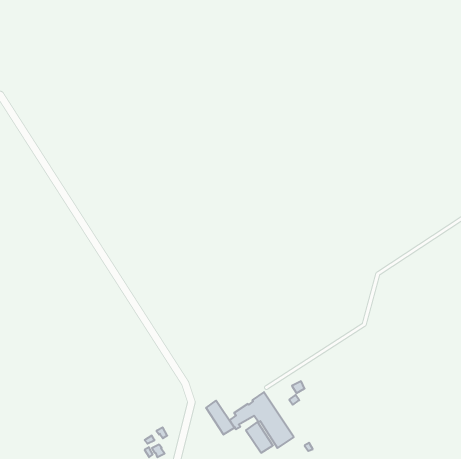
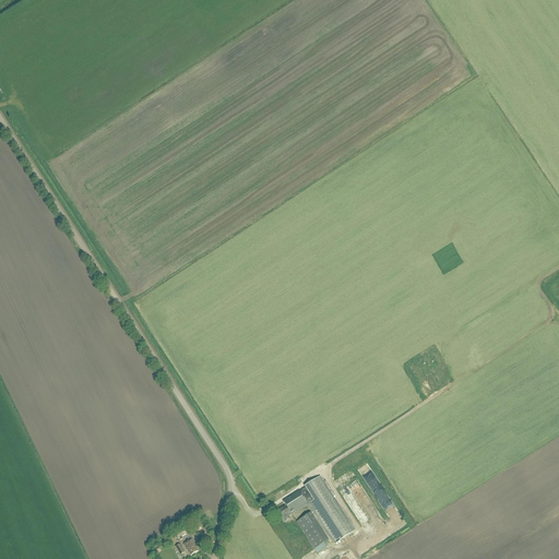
building: [206,401,234,435] -> none

